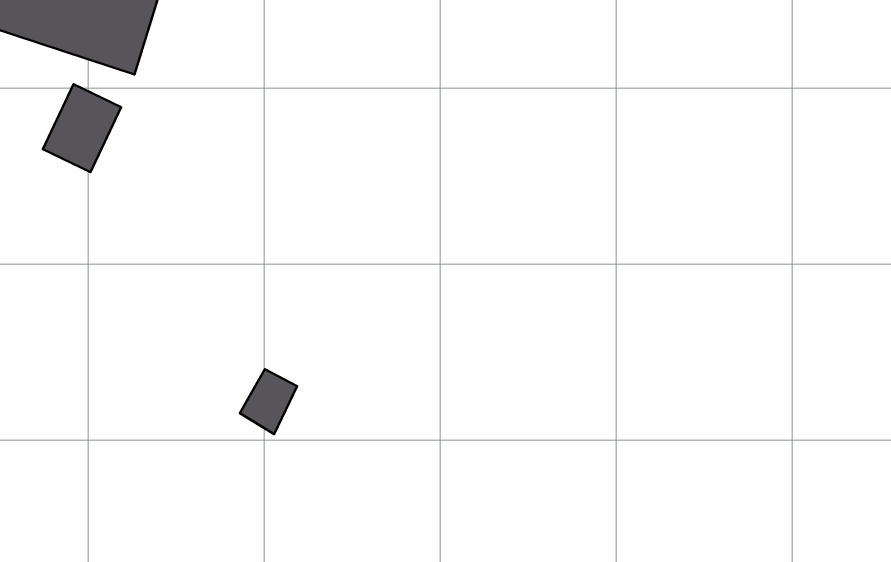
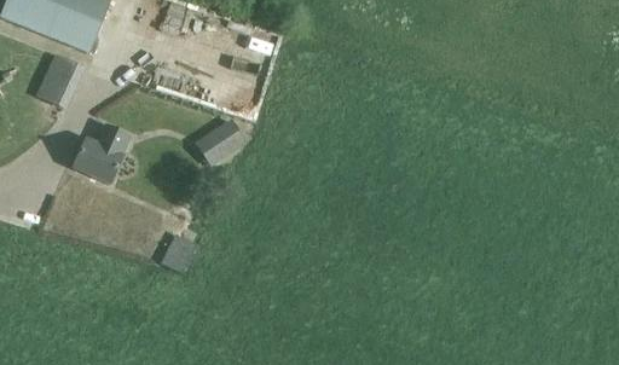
building: none -> [195,118,247,167]
building: none -> [73,124,131,185]

